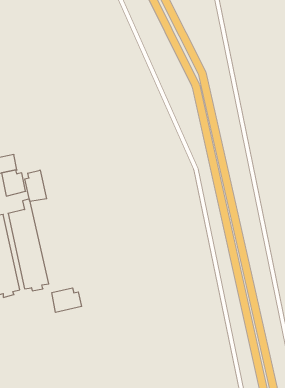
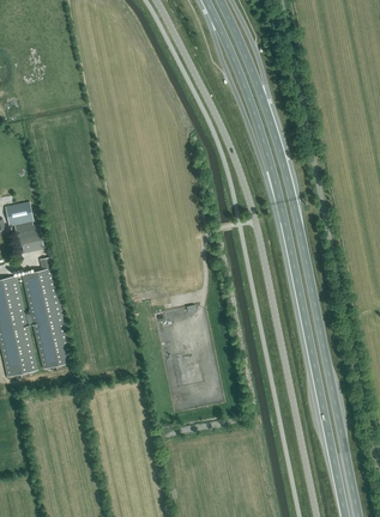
building: [25,170,47,202] -> none
building: [52,288,82,312] -> none

